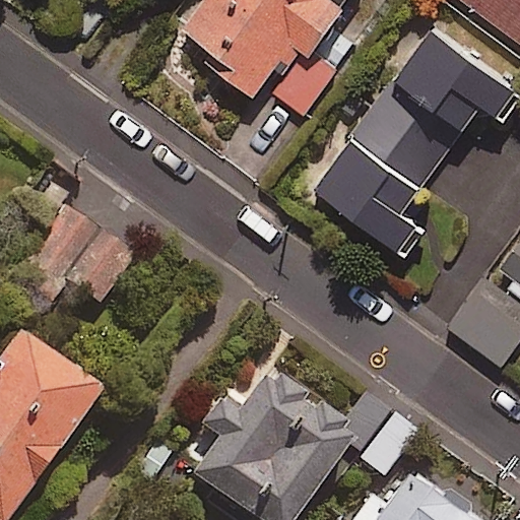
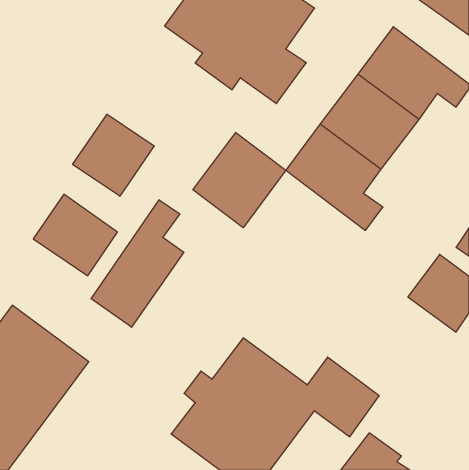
building: none -> [73,114,154,196]
building: none -> [193,132,286,228]
building: none -> [91,200,184,327]

